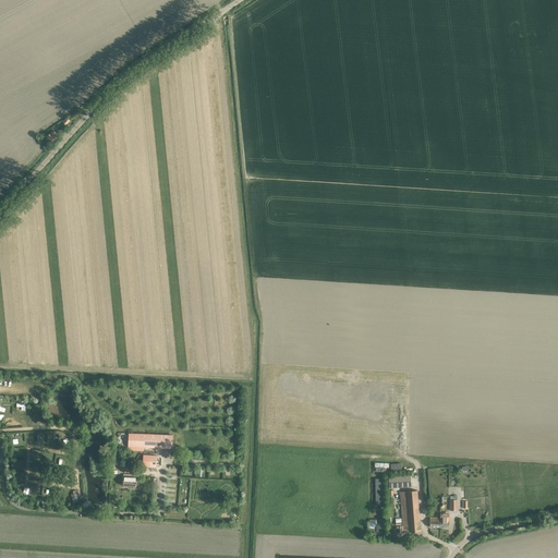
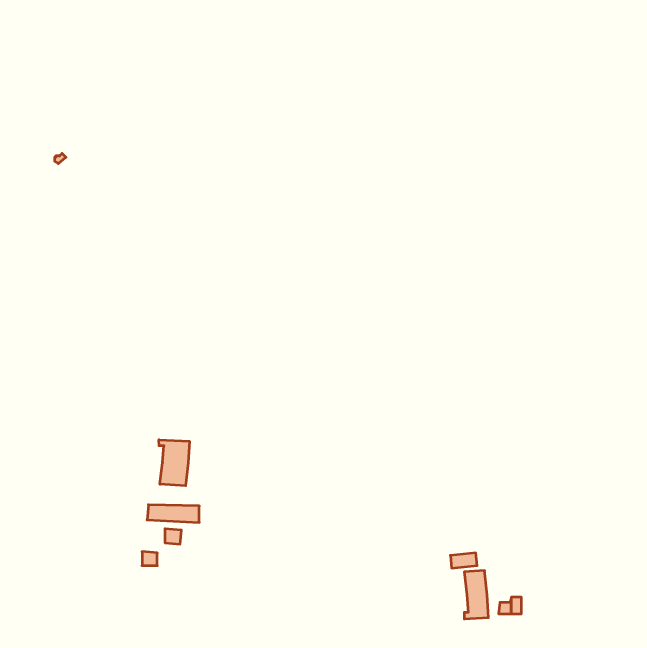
building: none -> [159,440,189,486]

